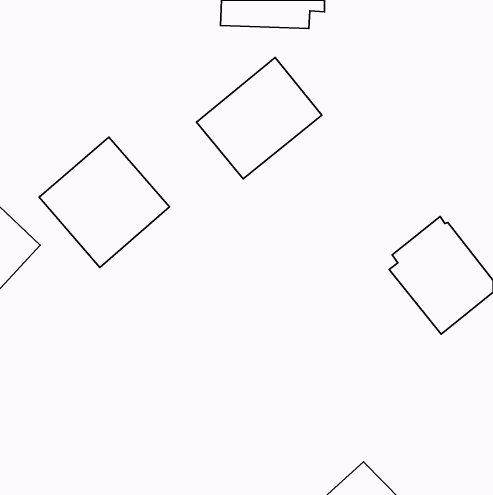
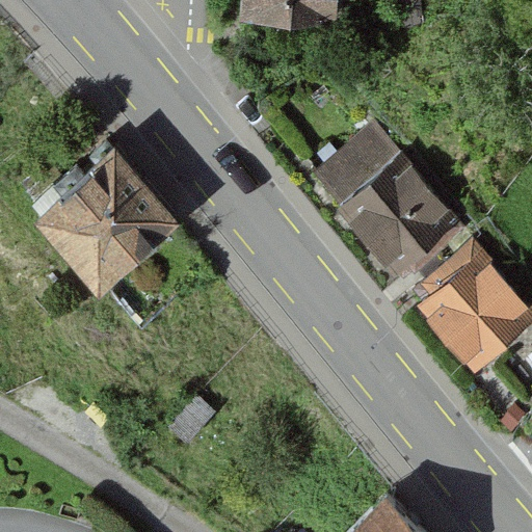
building: [196,58,322,179] -> none
building: none -> [309,123,461,280]

